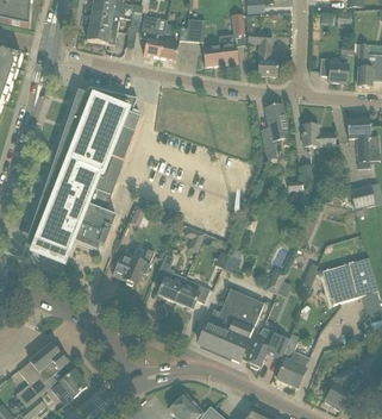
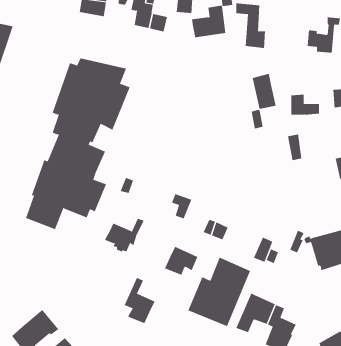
building: [154,252,186,300] -> [124,277,155,324]

